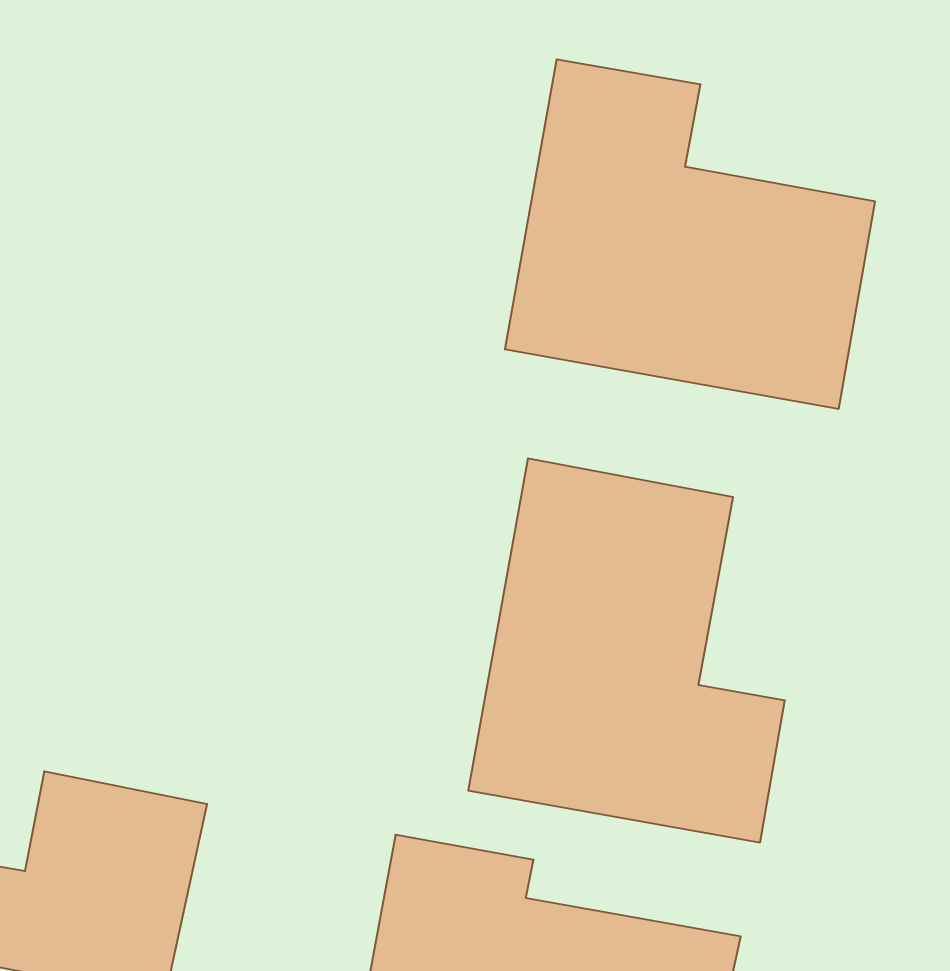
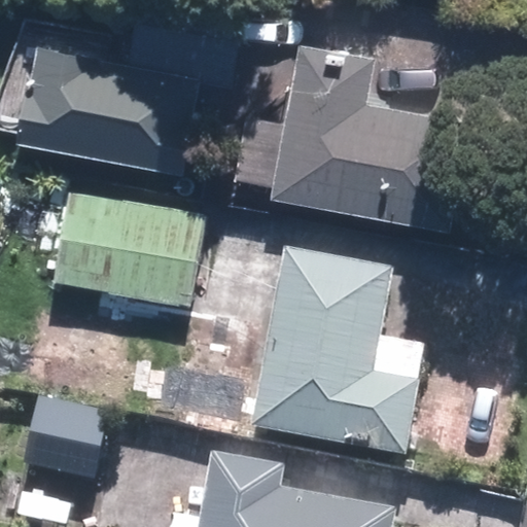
building: none -> [16,39,199,172]
building: none -> [54,189,202,303]

